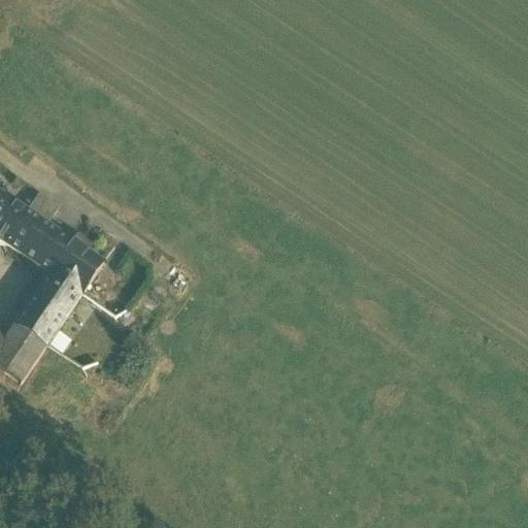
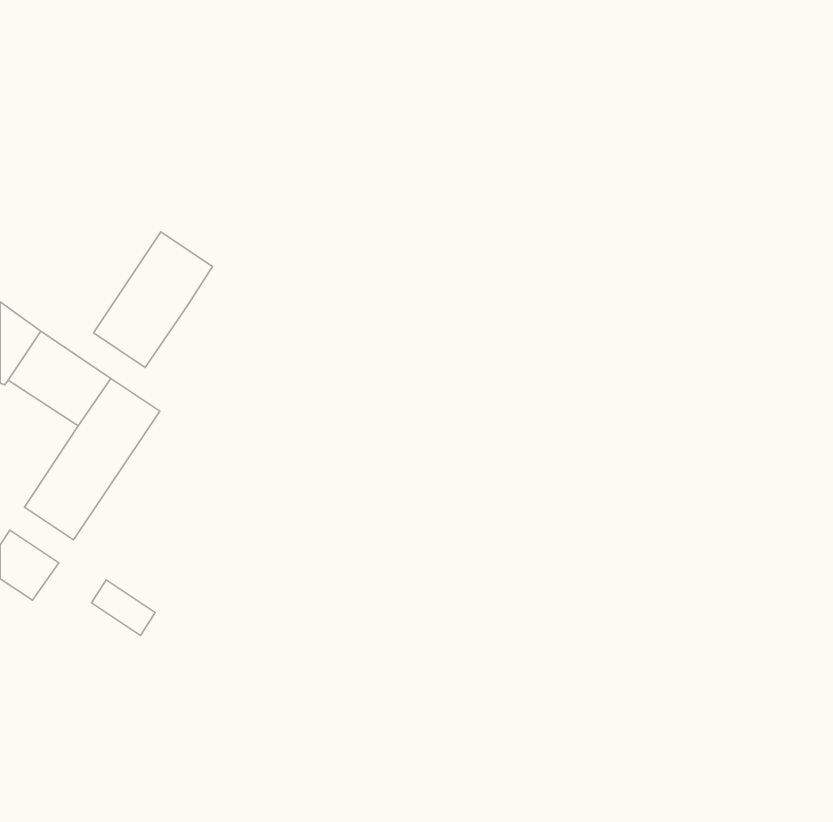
building: none -> [93,232,212,368]
building: [6,321,46,356] -> [92,580,155,635]

